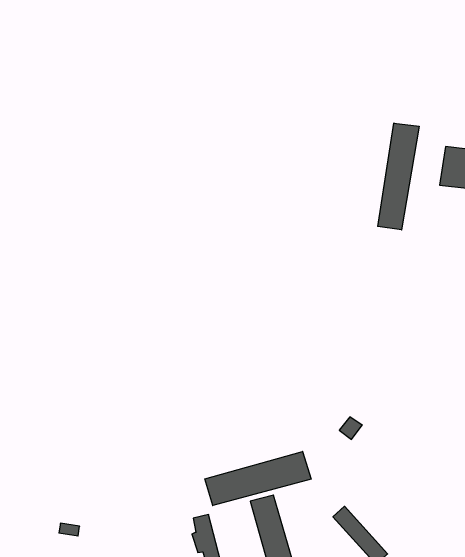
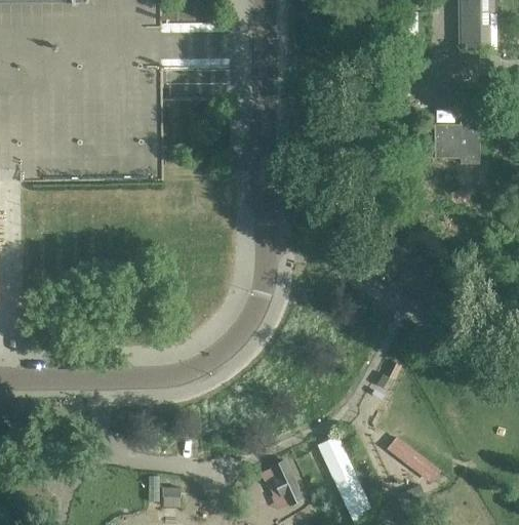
building: [378,123,419,230] -> none
building: [205,451,311,506] -> none

